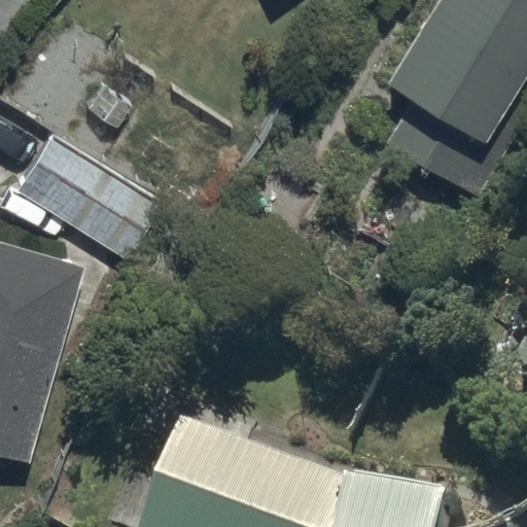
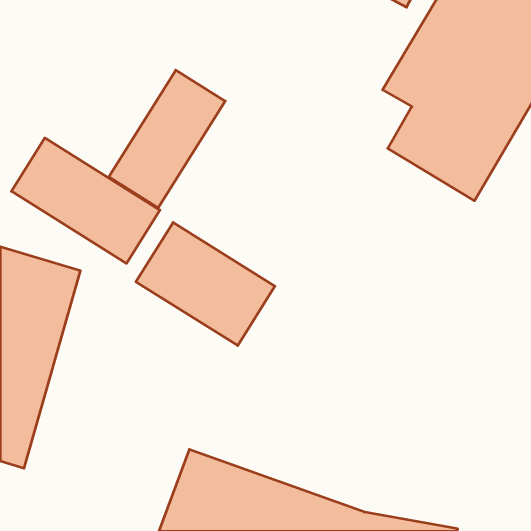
building: none -> [109,70,225,208]
building: none -> [136,222,275,346]

